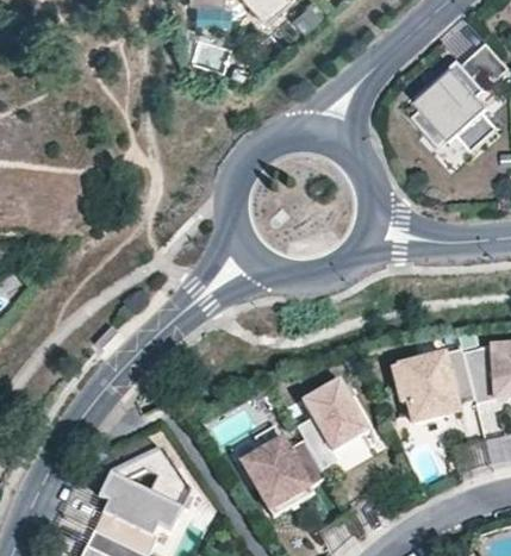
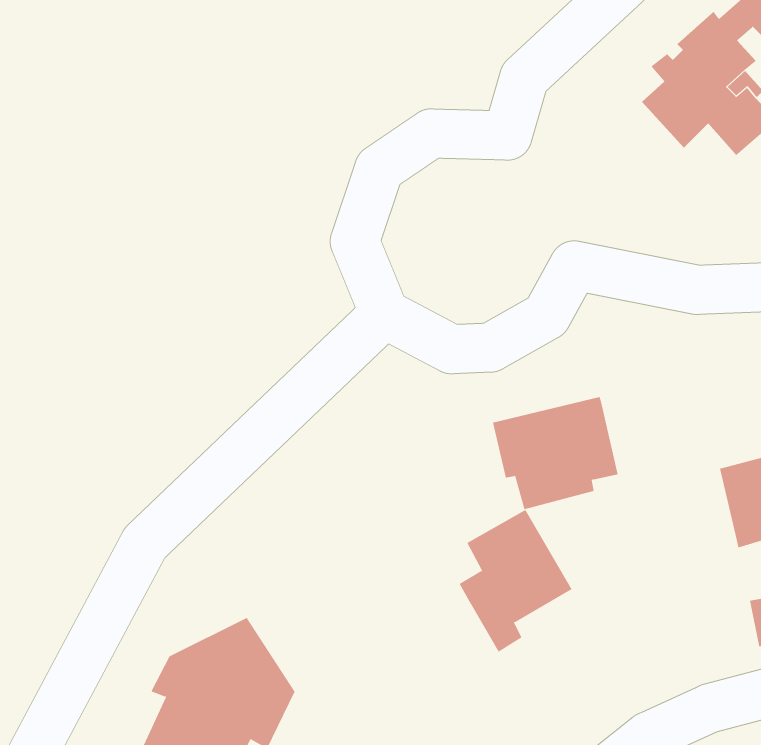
building: [392,349,473,421] -> [492,396,619,510]
building: [239,438,325,517] -> none

